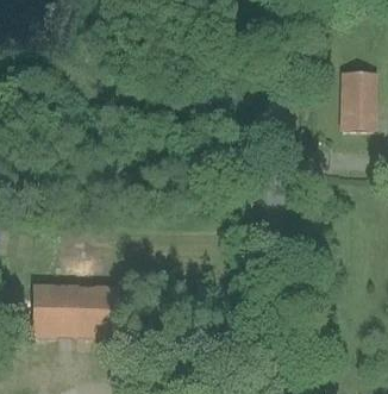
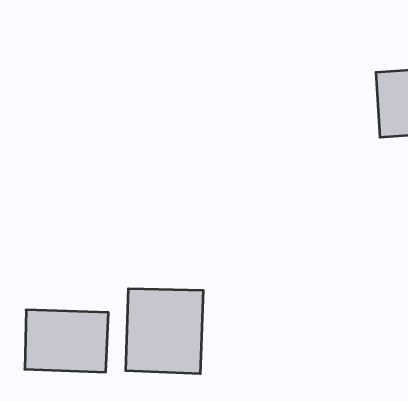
building: none -> [126,289,203,374]

